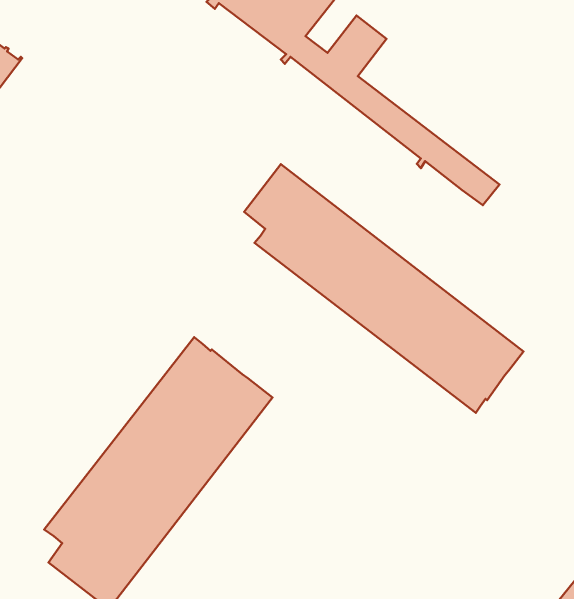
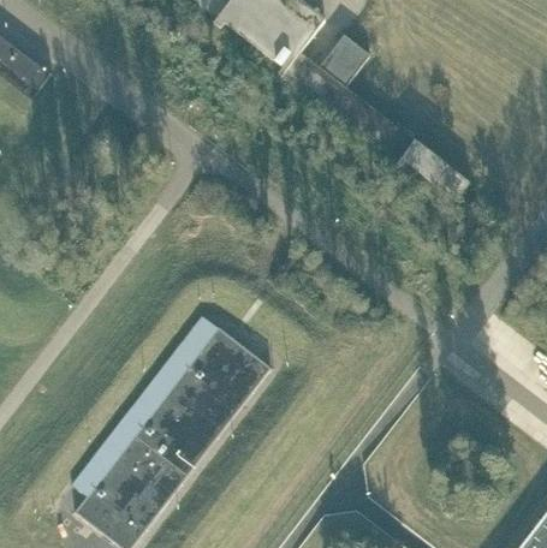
building: [244,164,523,413] -> none

